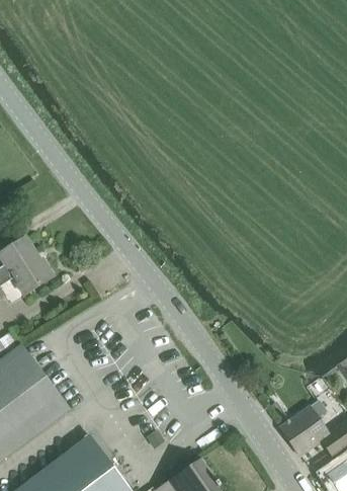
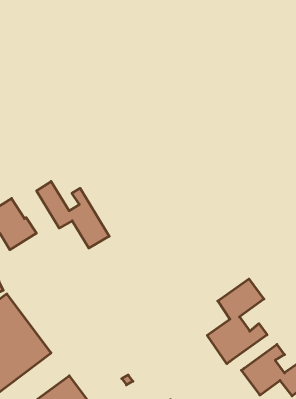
building: none -> [37,181,109,248]
building: none -> [207,279,267,364]

